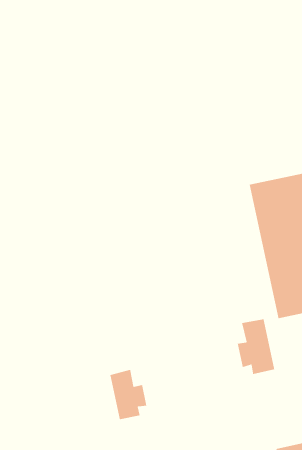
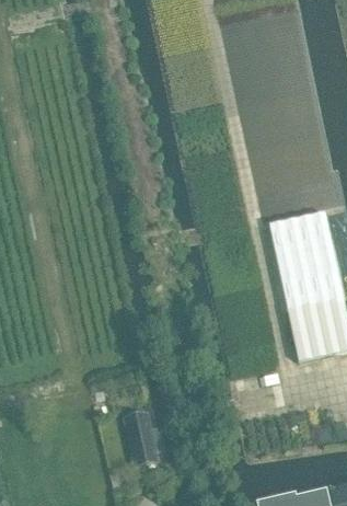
building: [237,319,275,375] -> none

